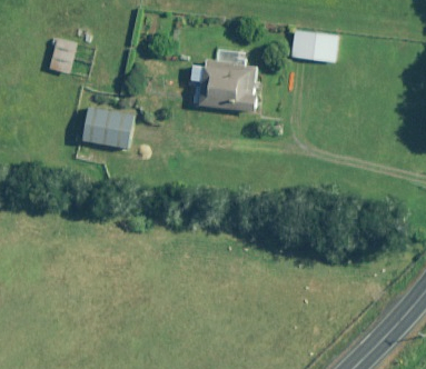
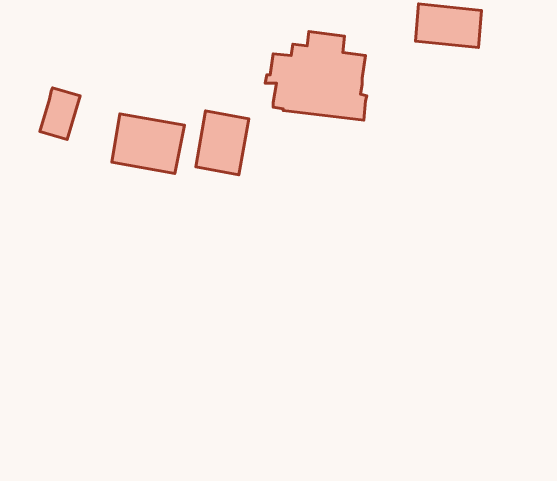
building: [49,38,77,73] -> [40,88,80,139]
building: none -> [196,111,249,175]

